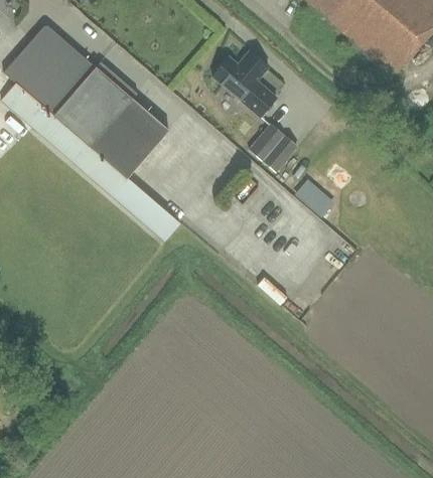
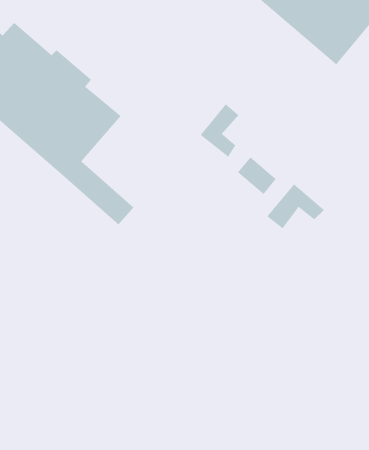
building: [211,49,278,118] -> none
building: none -> [267,183,325,229]

